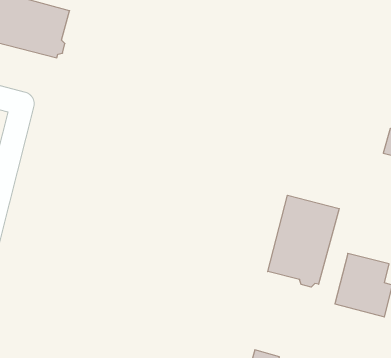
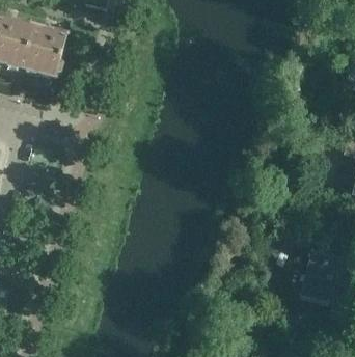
building: [268,195,339,287] -> none

